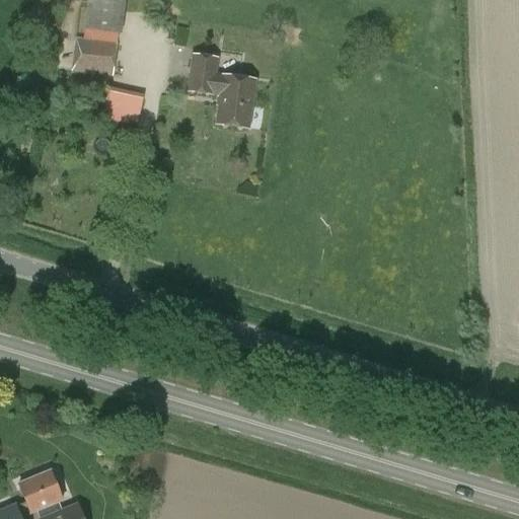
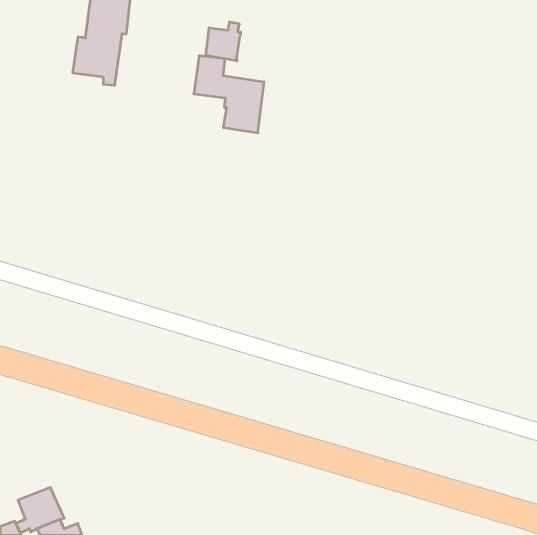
building: none -> [206,22,241,61]
building: [102,89,144,123] -> none

